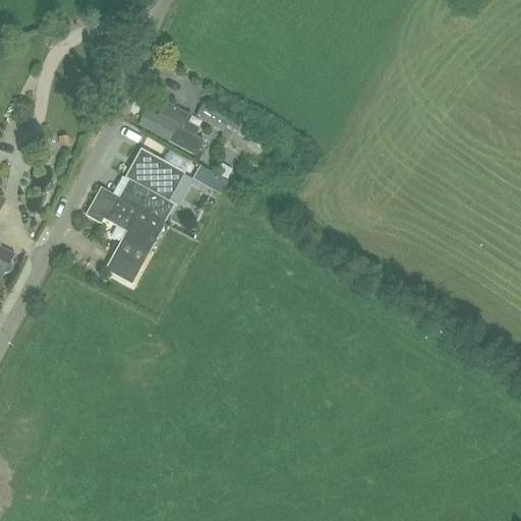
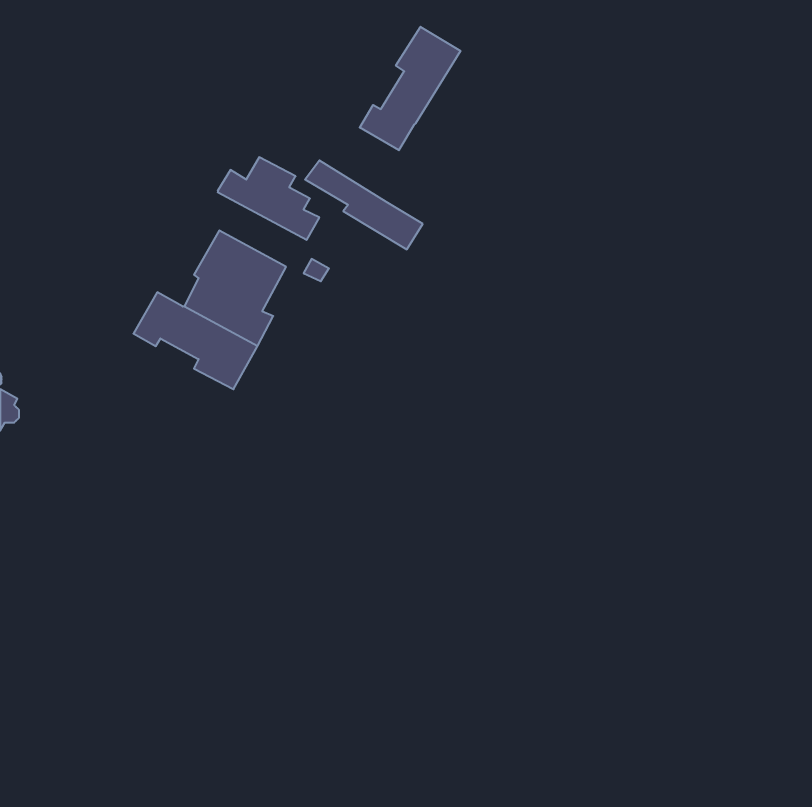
building: none -> [360,27,460,150]
building: [107,252,140,283] -> none

